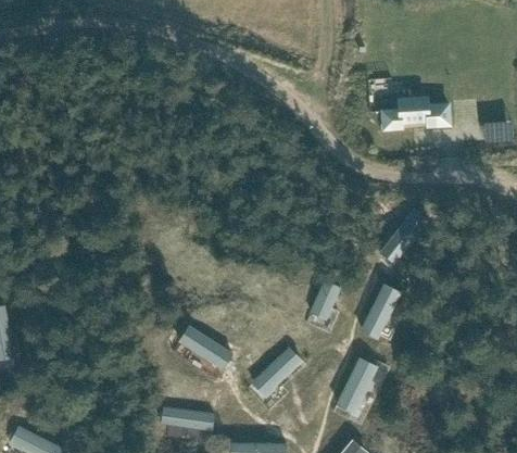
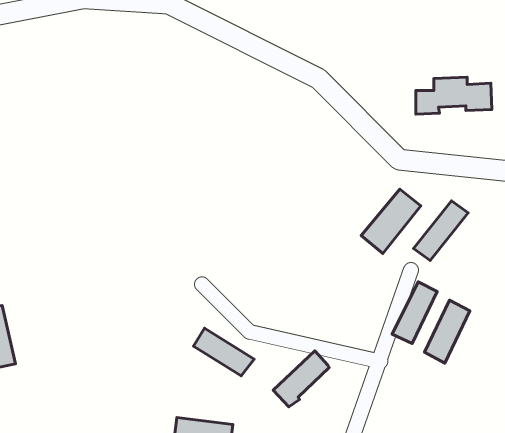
building: none -> [361,189,421,253]
building: [310,280,341,319] -> none
building: [337,356,378,414] -> [425,300,470,363]

